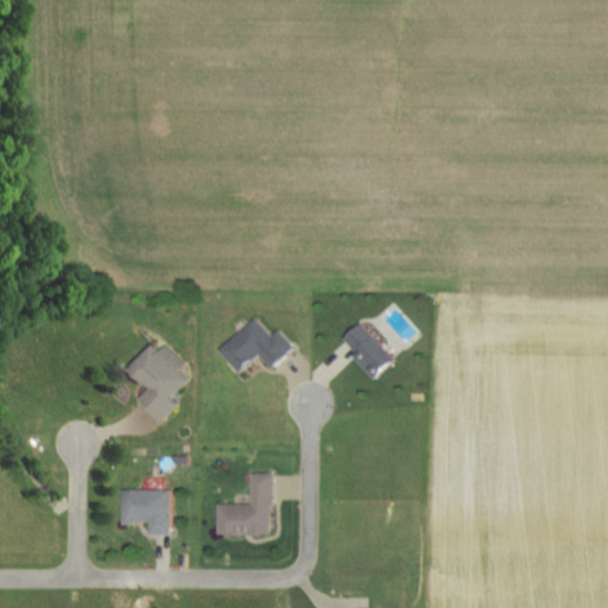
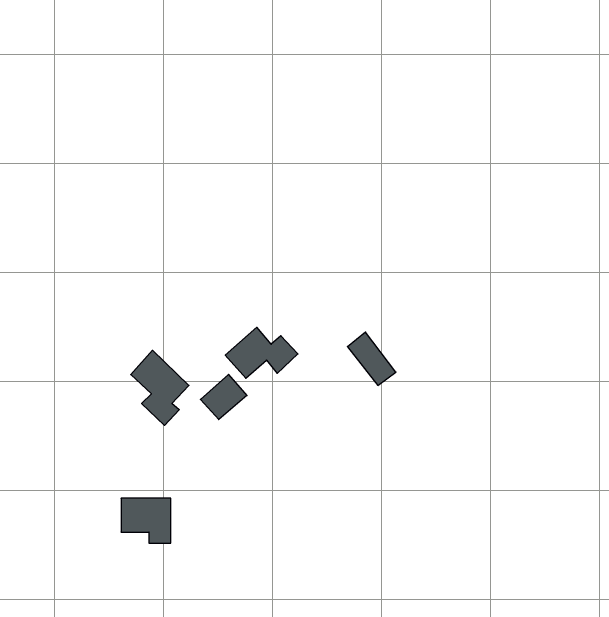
building: none -> [200,374,247,420]
building: [216,473,274,533] -> none

